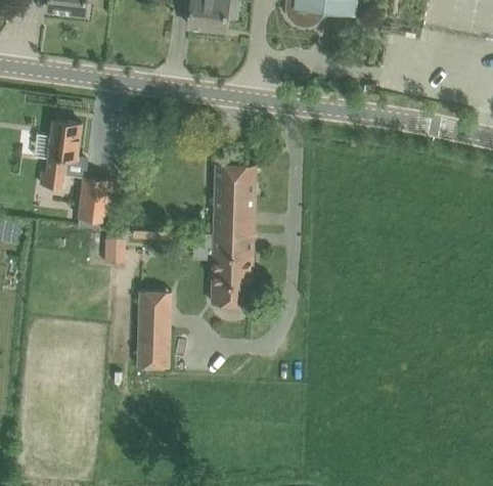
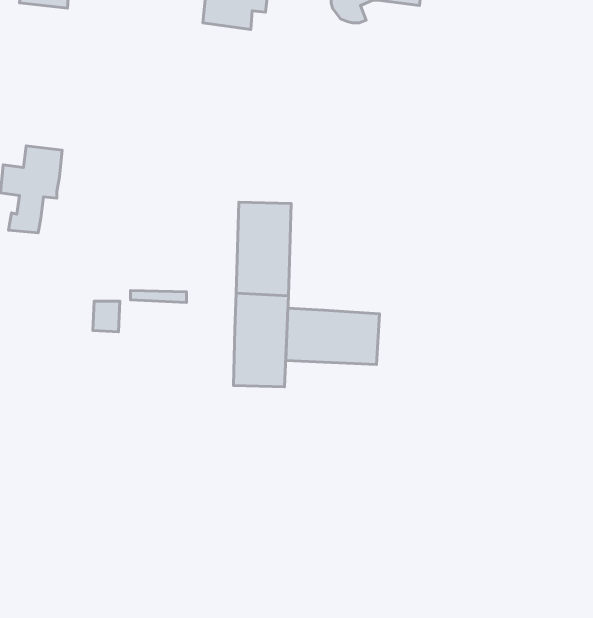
building: [78,177,111,221] -> none
building: none -> [286,308,380,364]
building: [135,291,172,368] -> none

